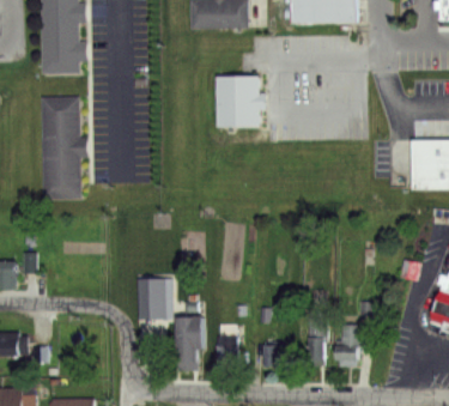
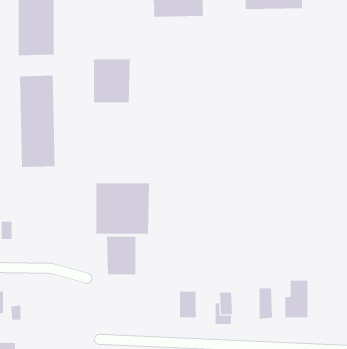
building: [218,75,260,125] -> [93,59,131,103]
building: none -> [96,182,150,235]
building: [177,311,206,357] -> none

